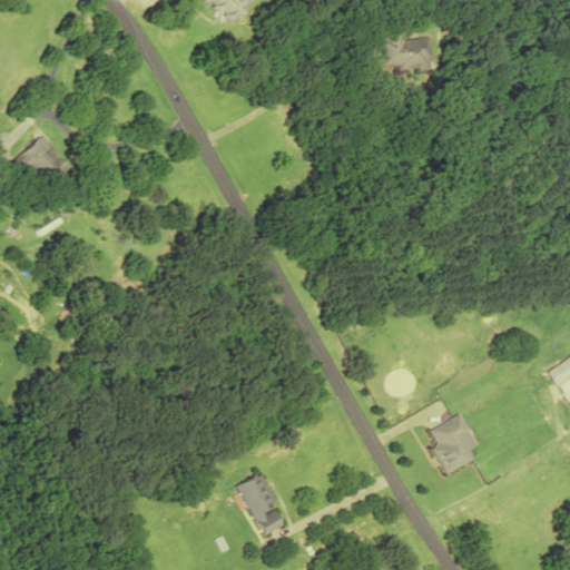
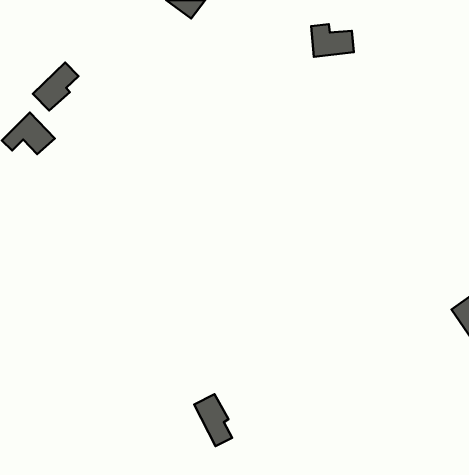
building: none -> [33,63,79,110]
building: [426,413,476,472] -> none

